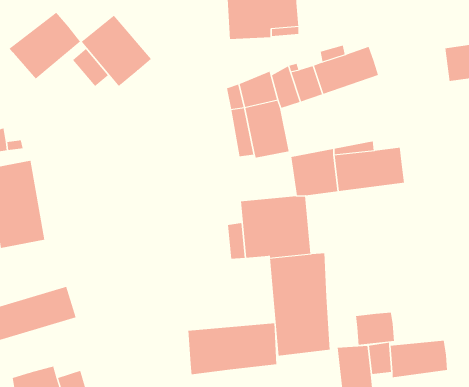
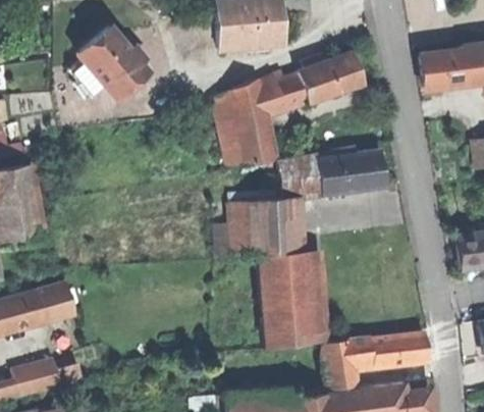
building: [9,12,81,79] -> none
building: [355,312,395,345] -> none
building: [188,323,277,375] -> none

